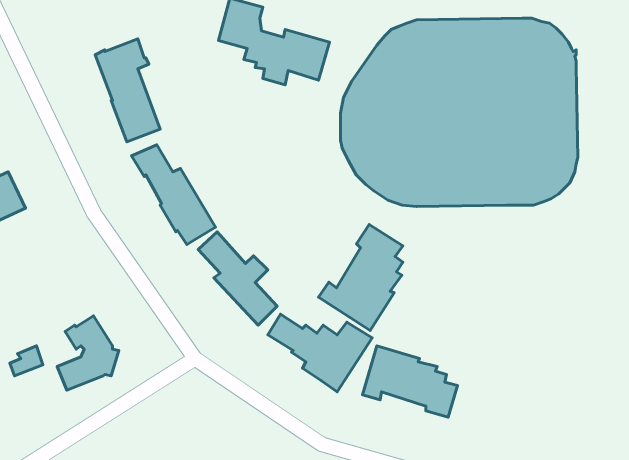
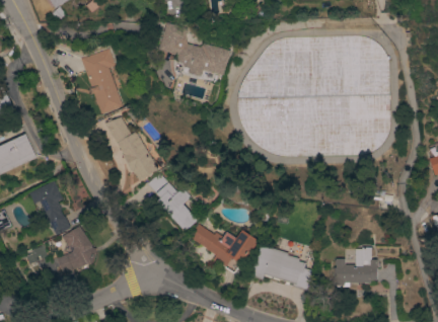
building: [319,224,403,331] -> none
building: none -> [29,181,71,236]
building: none -> [335,248,378,289]

